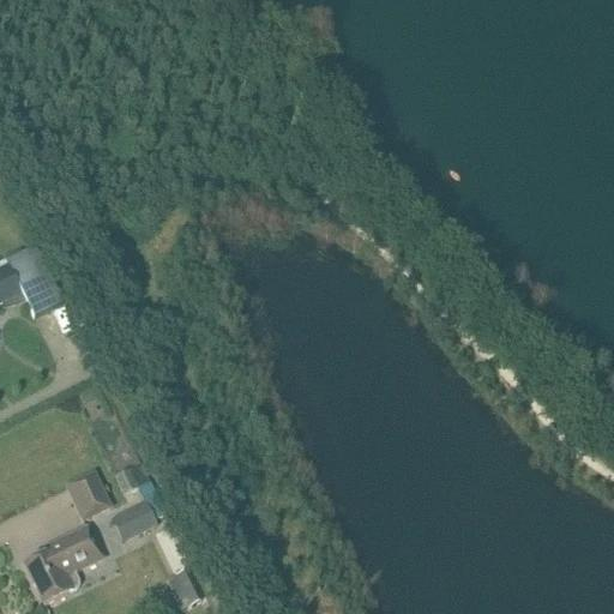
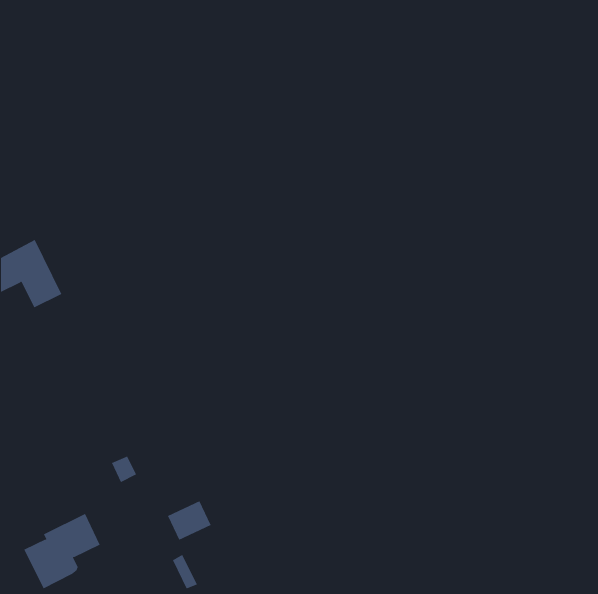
building: [65,470,112,519] -> none
building: [110,499,156,540] -> [167,501,212,540]

